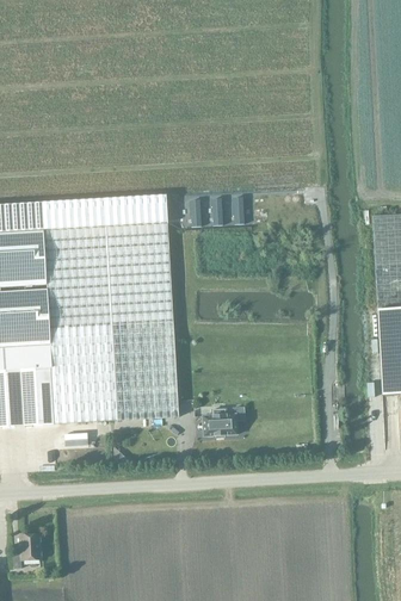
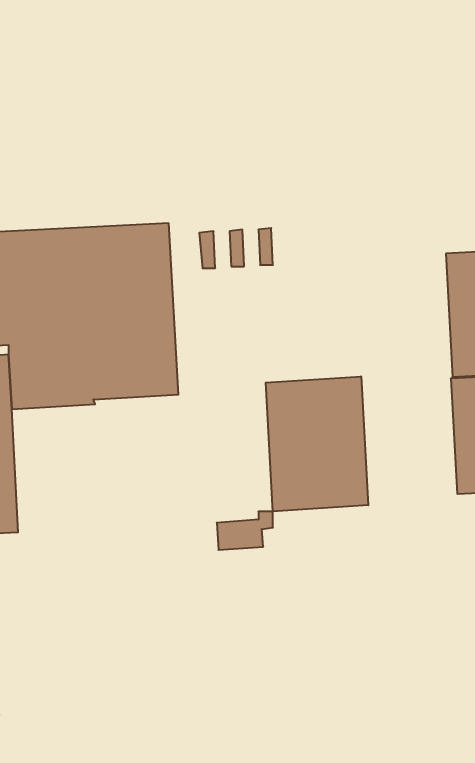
building: none -> [266,376,368,512]
building: [49,321,178,423] -> none

